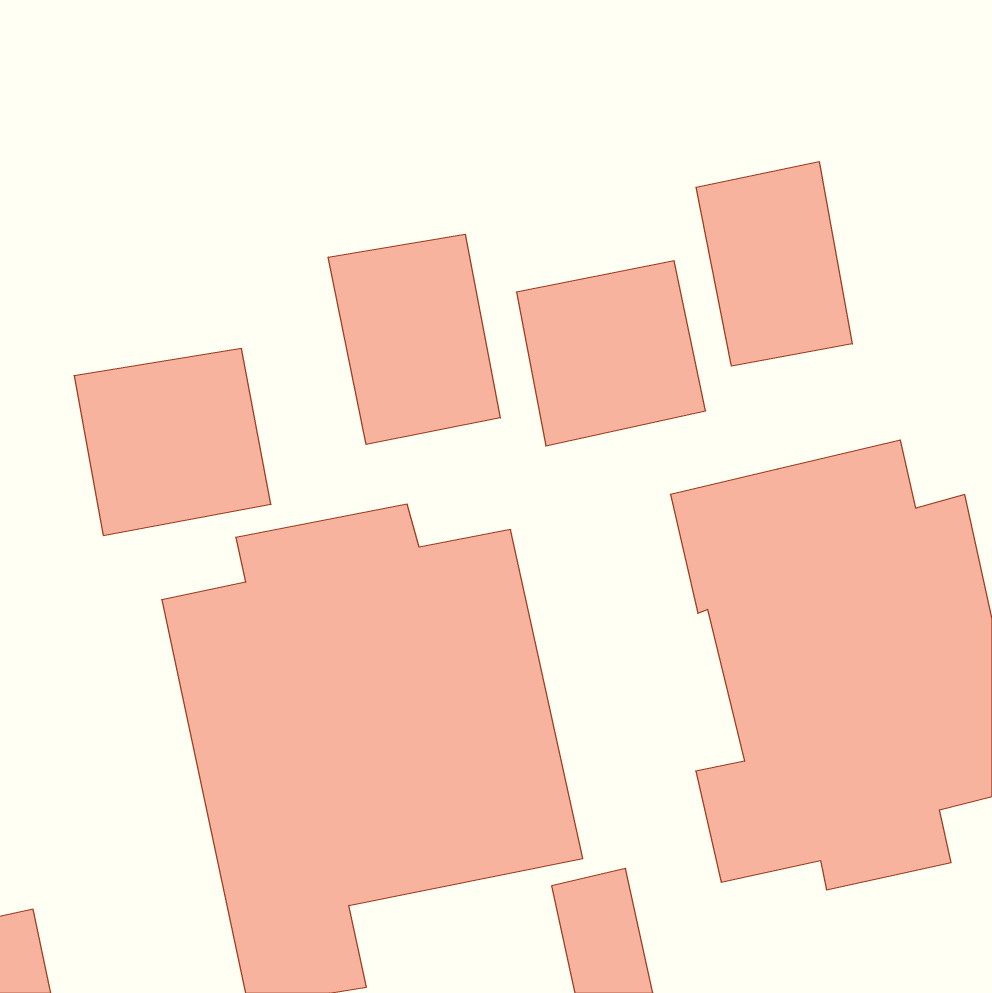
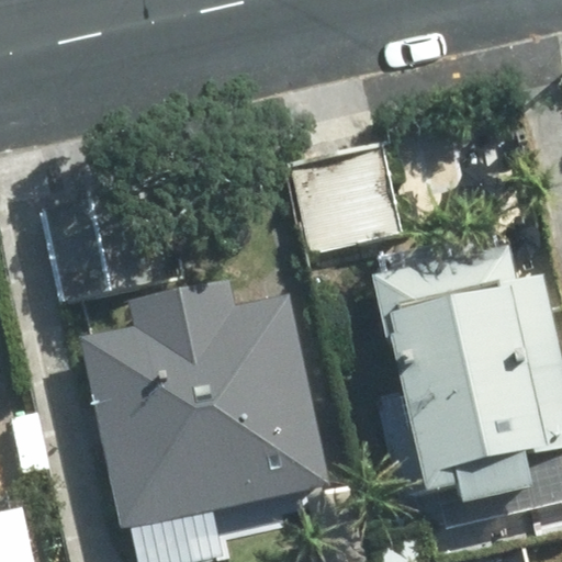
building: [696,162,852,366] -> none
building: [328,234,500,444] -> none

